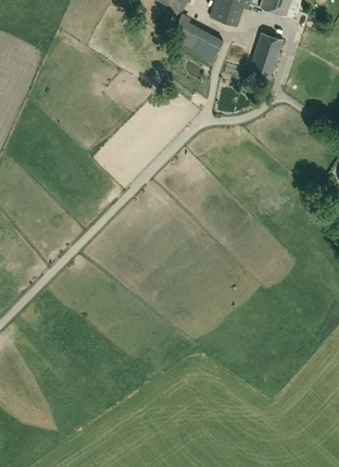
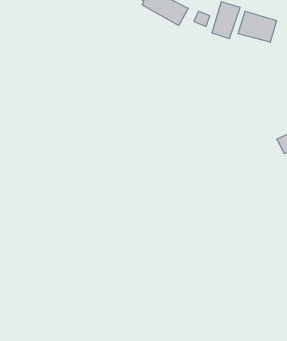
building: none -> [238,11,277,42]

